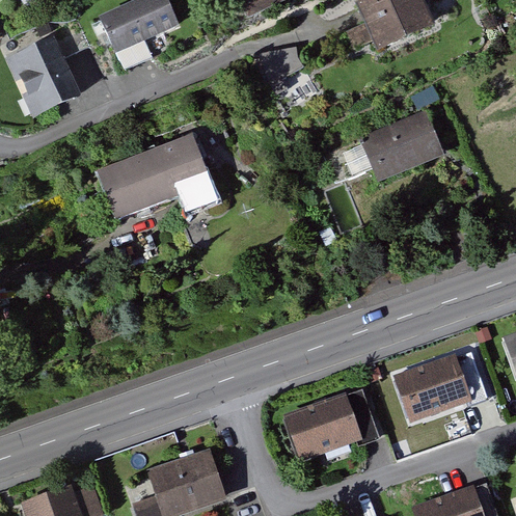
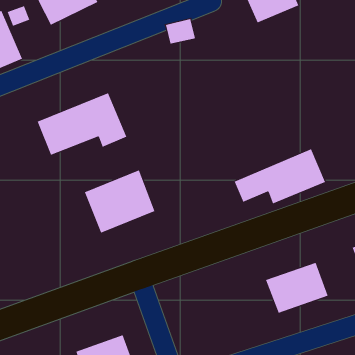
building: [327,113,445,185] -> [234,148,326,204]
building: none -> [84,169,155,234]
building: [281,392,362,458] -> none

